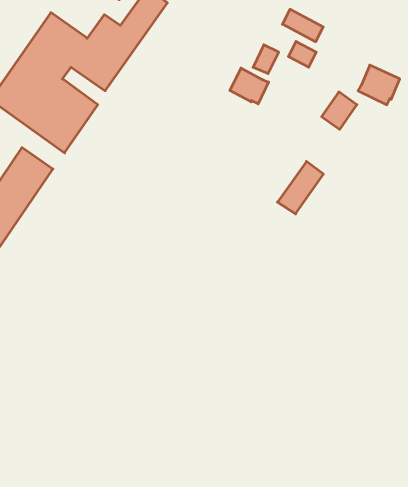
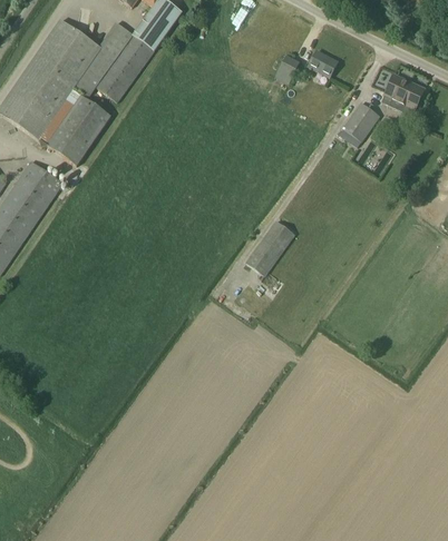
building: [282,9,323,42] -> none
building: [230,68,269,104] -> none
building: [277,161,323,214] -> [246,219,294,274]

